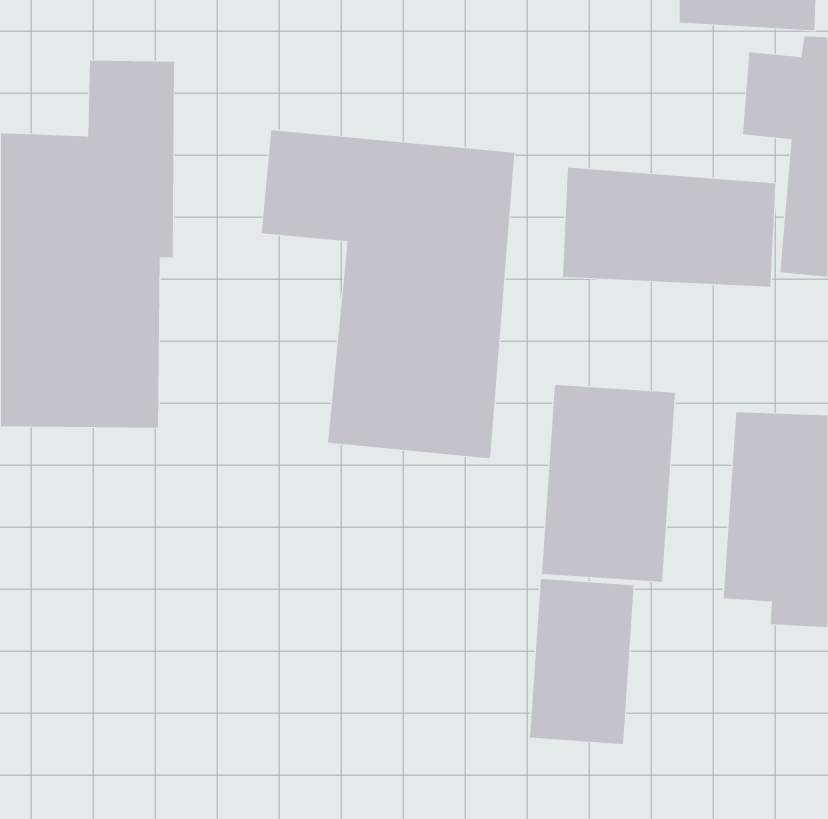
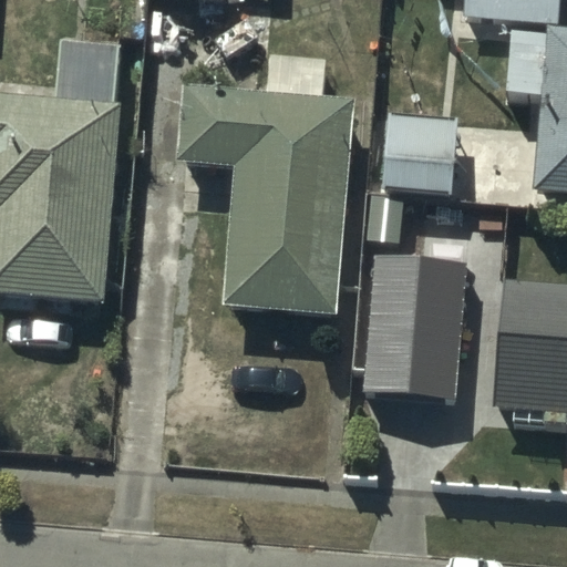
building: [530,578,634,745] -> none

